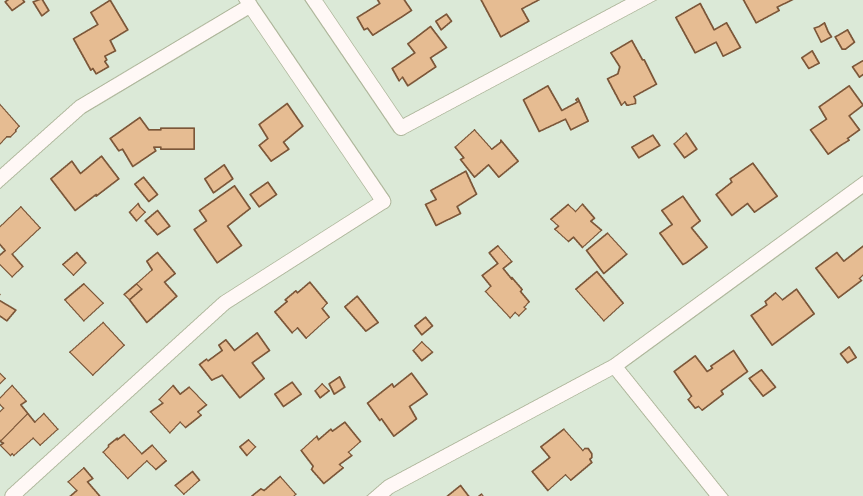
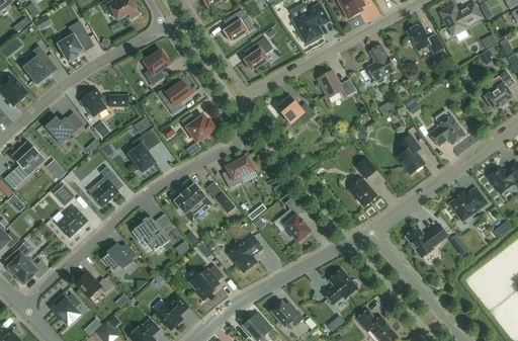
building: none -> [22,45,51,84]
building: none -> [143,50,169,85]
building: none -> [181,112,214,142]
building: [426,171,476,226] -> [223,156,252,187]
building: [551,204,602,248] -> none
building: [482,246,529,318] -> [281,198,309,240]

